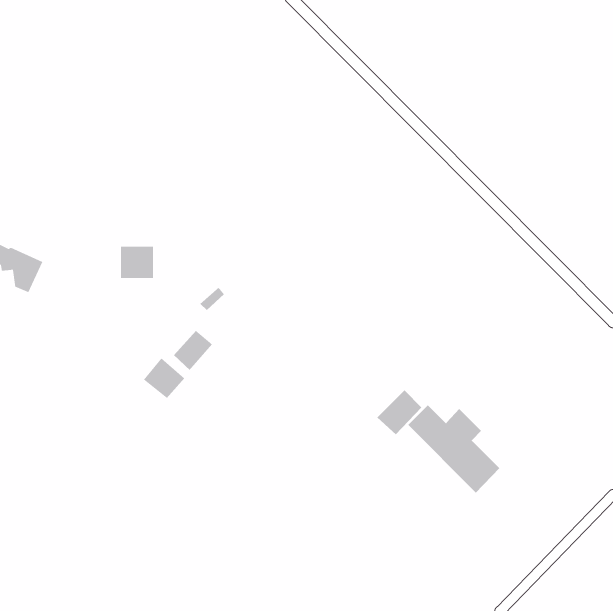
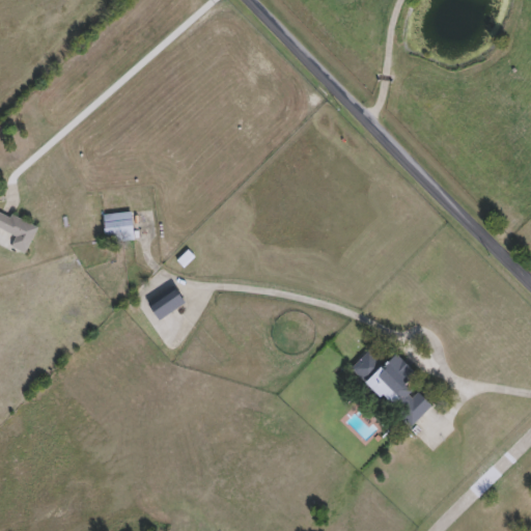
building: [143,358,185,399] -> none
building: [377,390,422,435] -> none

